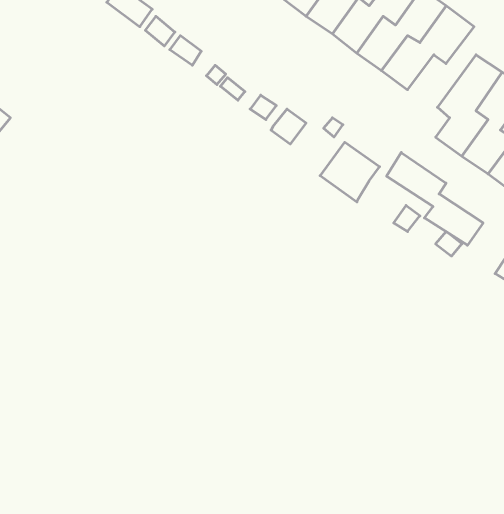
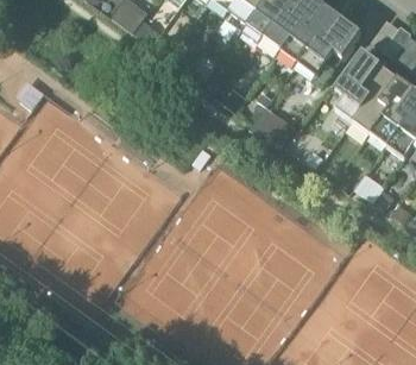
building: [387,152,483,245] -> none

